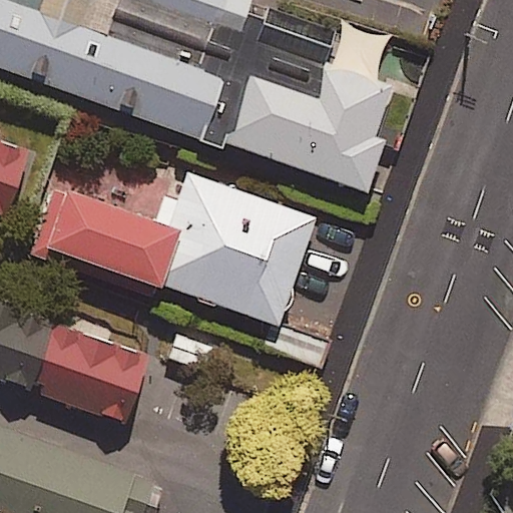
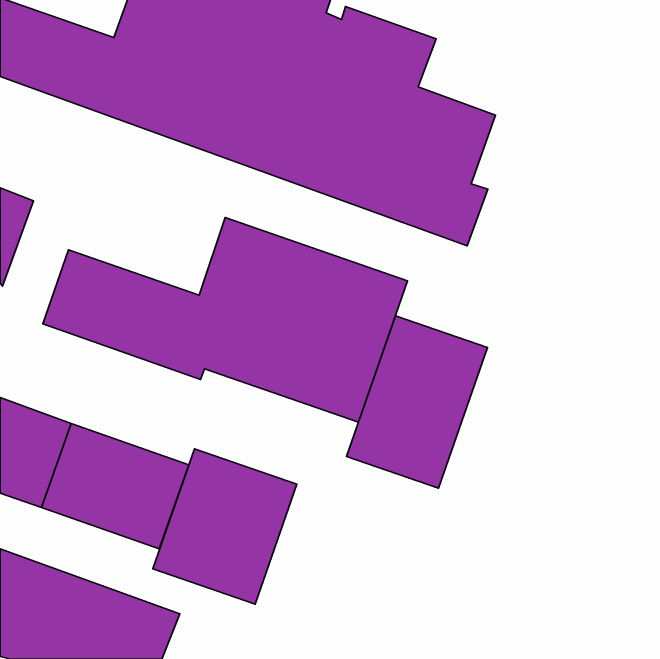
building: none -> [347,316,487,488]
building: none -> [153,449,297,604]

